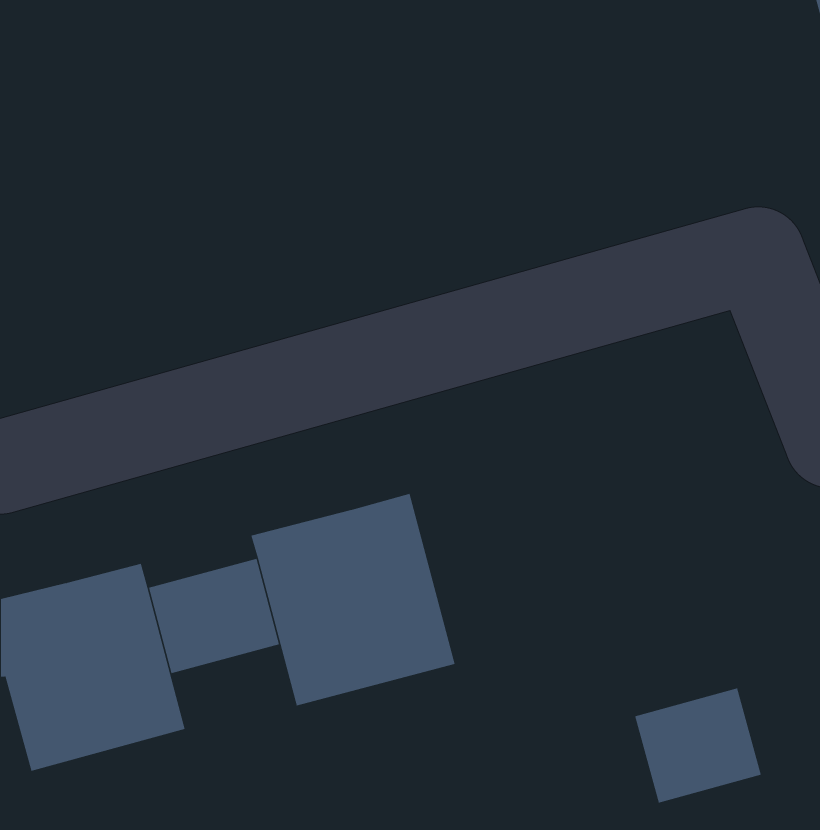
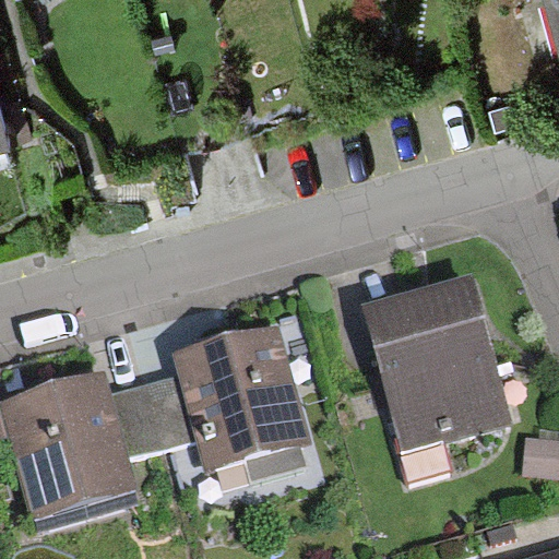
building: none -> [362,282,514,448]
building: [635,687,762,804] -> none

